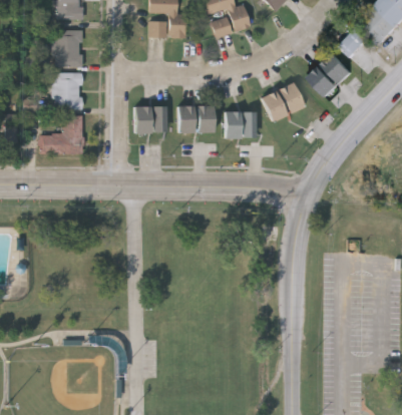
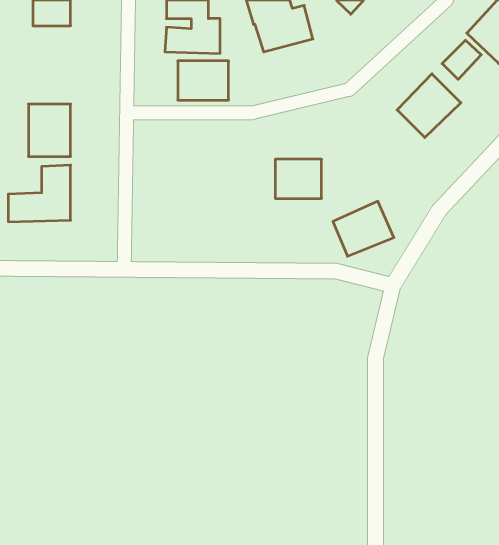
building: [53,30,82,66] -> none
building: [262,83,304,121] -> [333,201,394,256]
building: [177,105,213,132] -> [178,61,229,100]
building: [134,106,165,132] -> none

